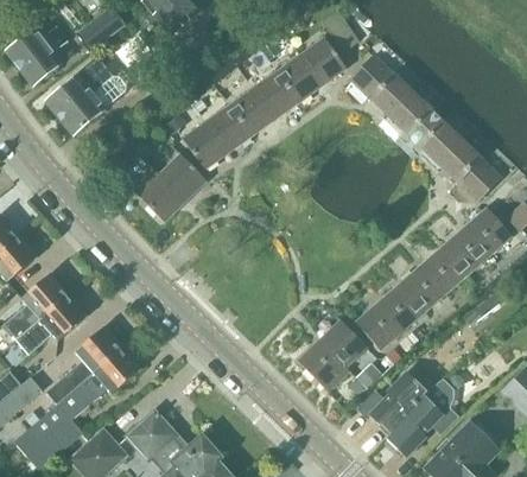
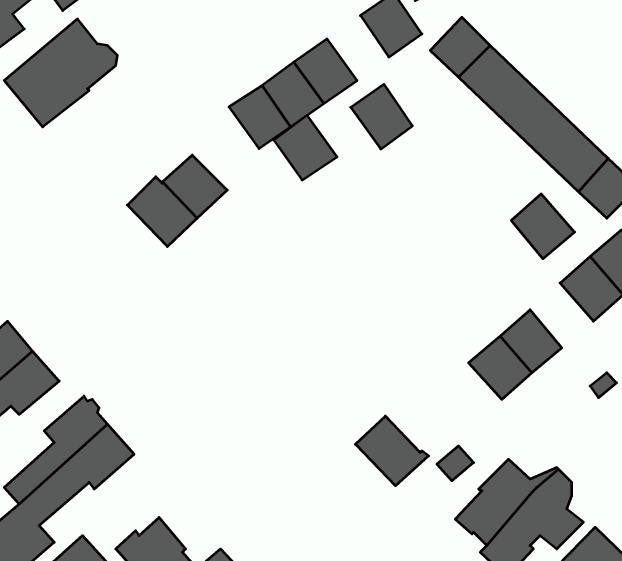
building: [277,55,320,101] -> [351,84,412,149]
building: [183,120,228,166] -> [274,115,337,180]
building: [421,246,466,292] -> [511,194,575,259]
building: [356,303,401,348] -> none
building: [318,320,364,367] -> none

